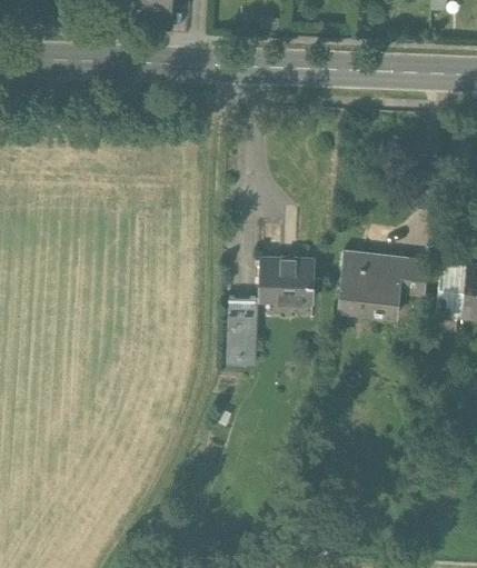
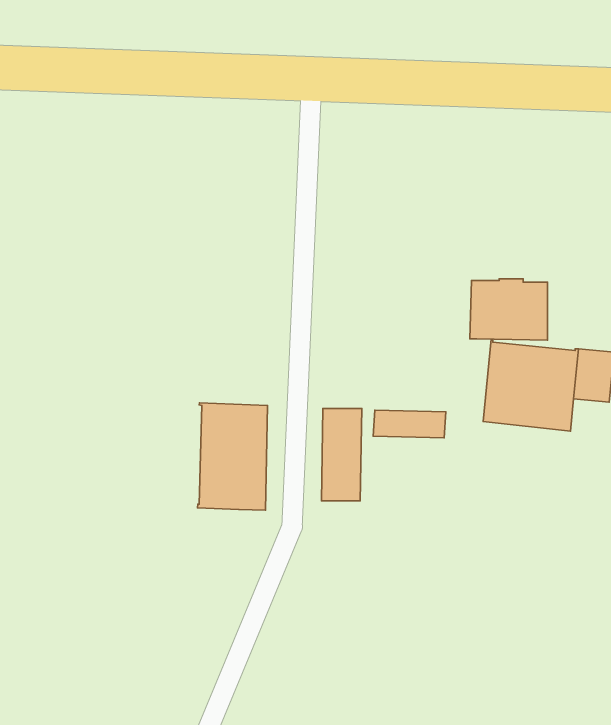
building: [259,257,312,299] -> [470,279,548,340]
building: none -> [198,403,267,510]

